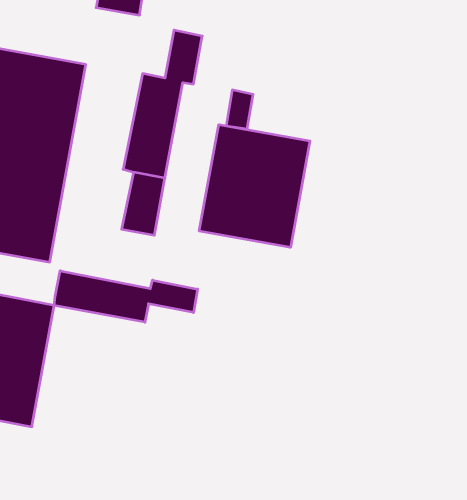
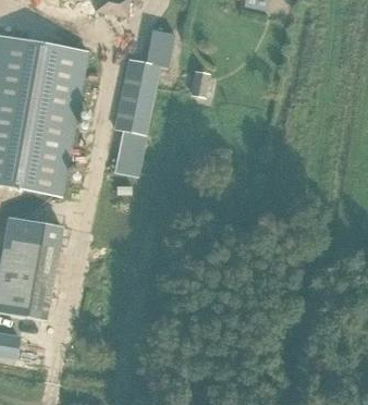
building: [199,125,310,247] -> none
building: [54,271,198,322] -> none

